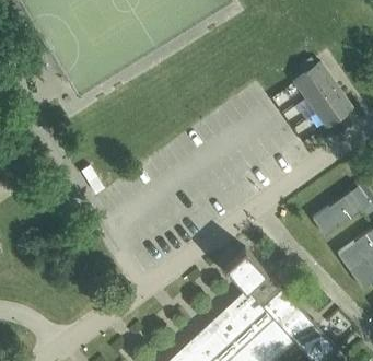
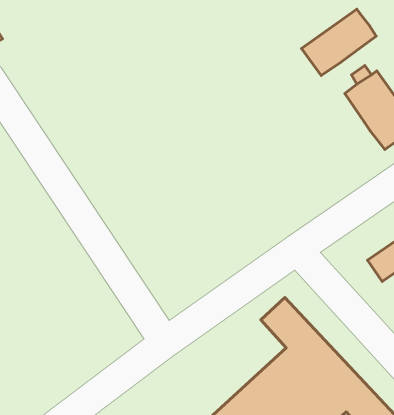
building: none -> [302,9,376,75]

